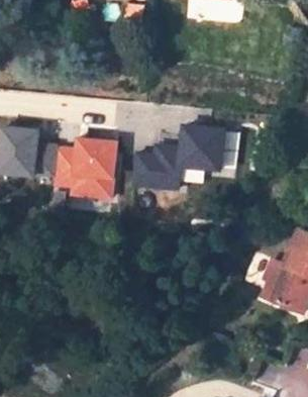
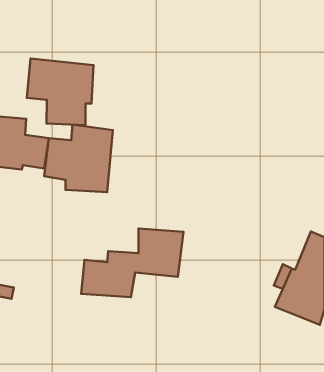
building: none -> [27,59,93,125]
building: [132,125,224,187] -> [81,229,184,297]

